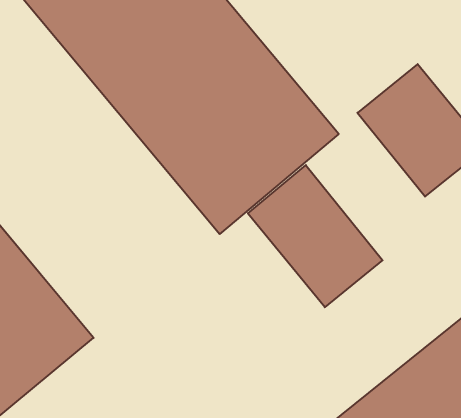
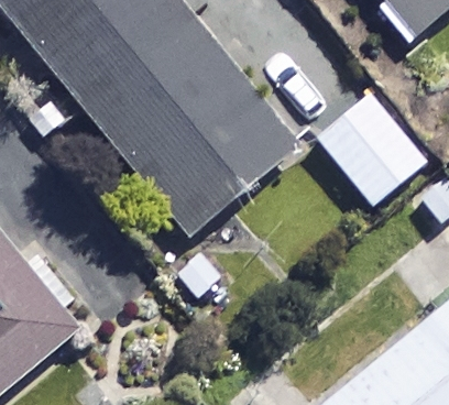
building: [248,165,383,307] -> none

